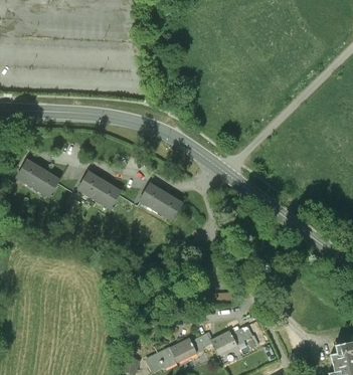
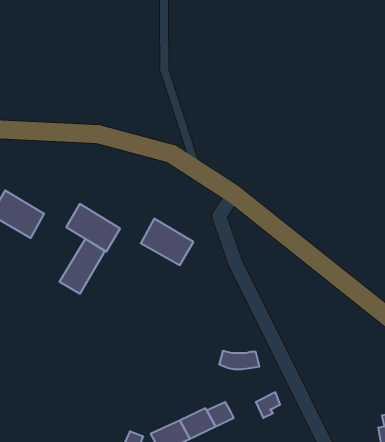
building: none -> [60,239,105,294]
building: [211,331,238,355] -> none

